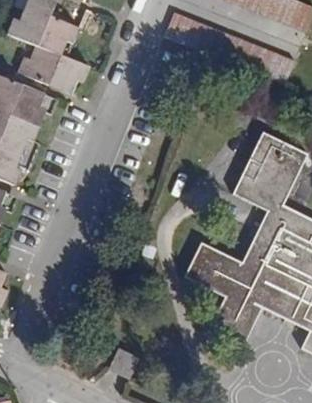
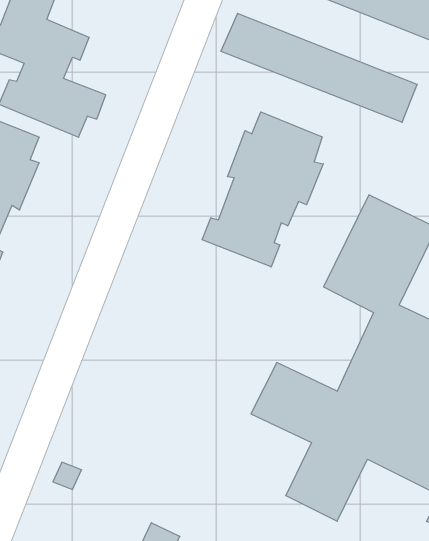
building: none -> [202,112,323,267]

